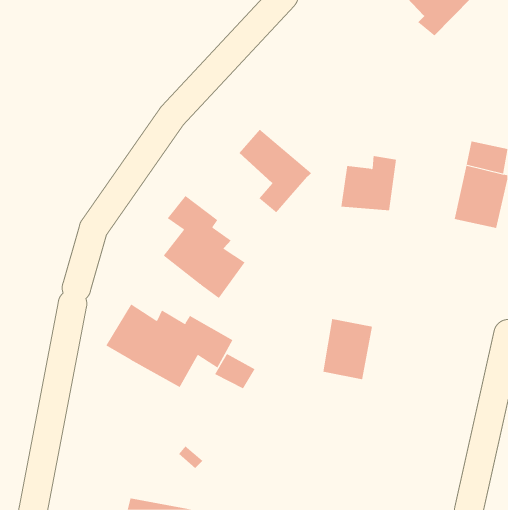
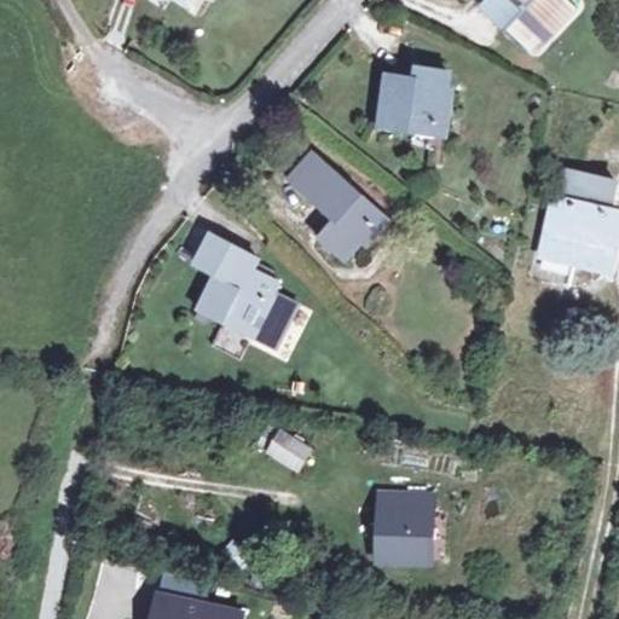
building: [341,155,397,211] -> [386,59,453,126]
building: [105,304,233,388] -> none
building: [323,318,373,380] -> [377,491,438,565]

